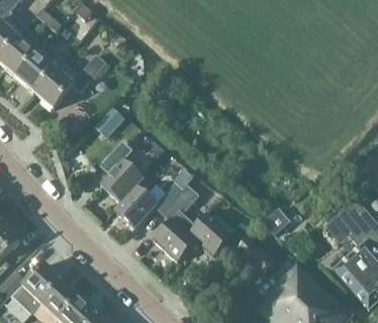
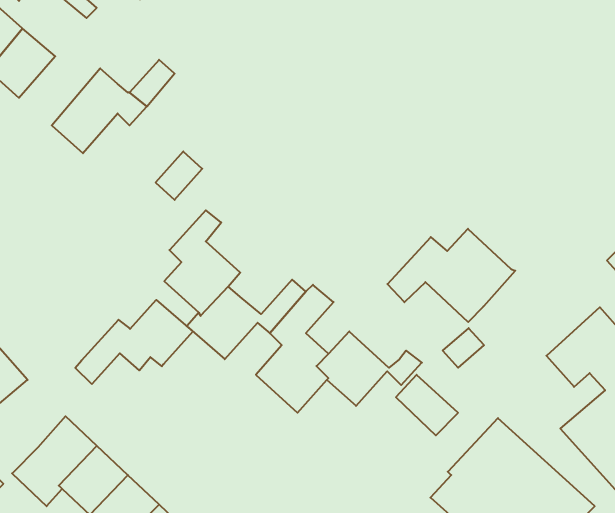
building: [15,42,63,92] -> none
building: none -> [387,229,515,322]
building: none -> [75,300,193,384]

